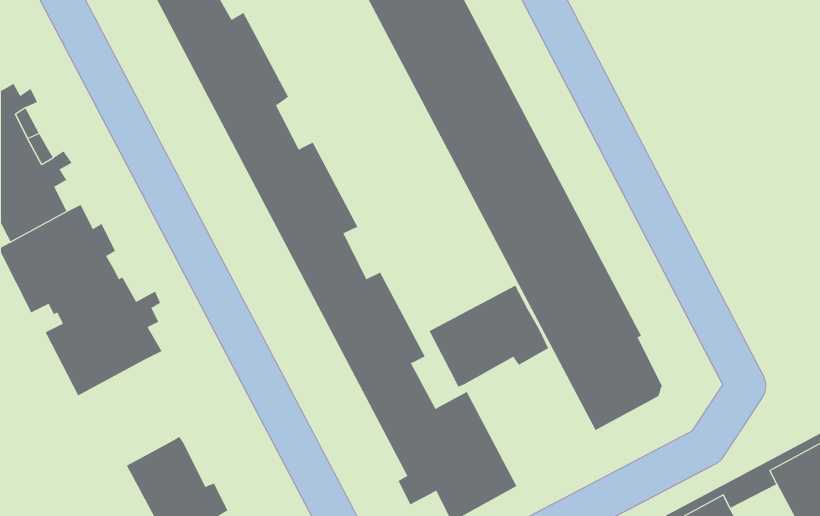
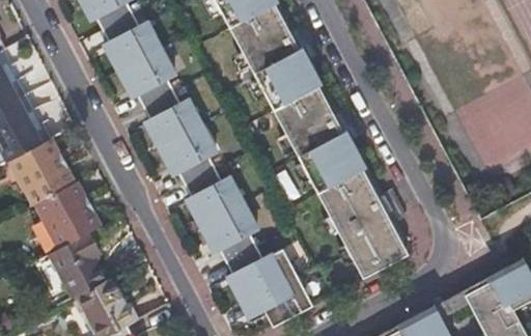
building: [429,285,549,388] -> none
building: none -> [49,230,105,297]

